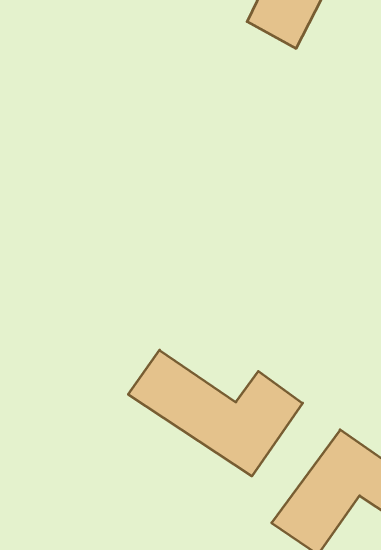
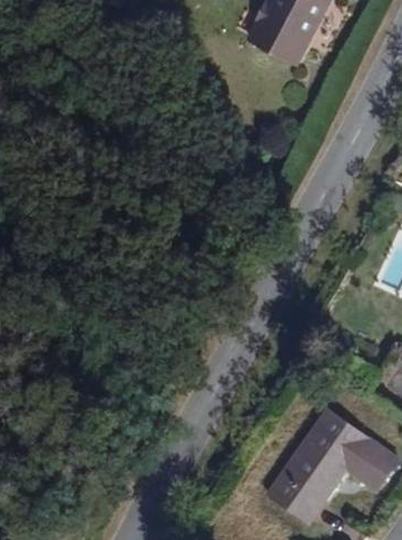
building: [128,350,303,476] -> none

